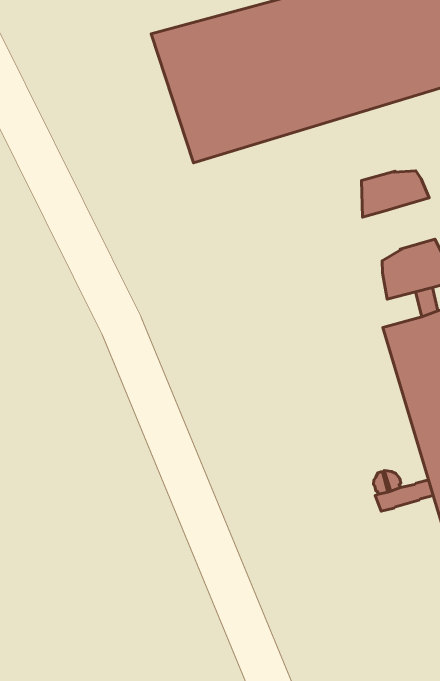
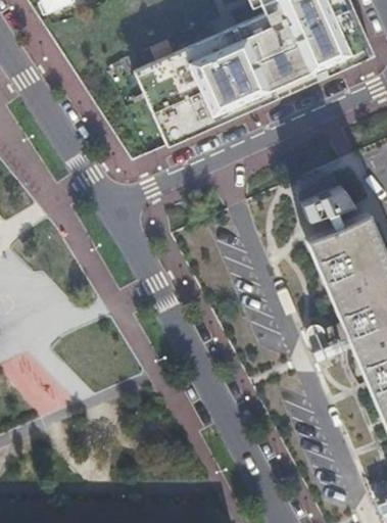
building: [361,171,429,217] -> none

